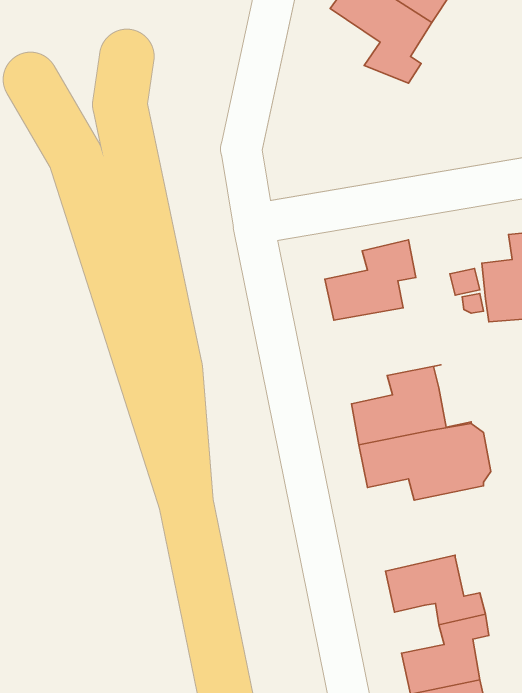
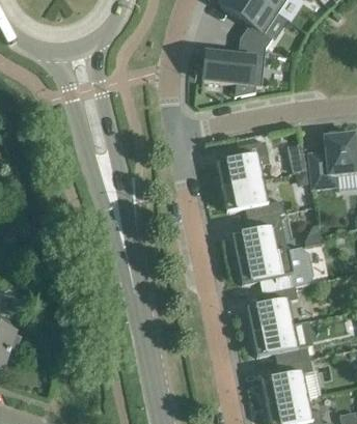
building: none -> [201,38,265,86]
building: none -> [221,179,283,219]
building: none -> [246,283,308,333]

